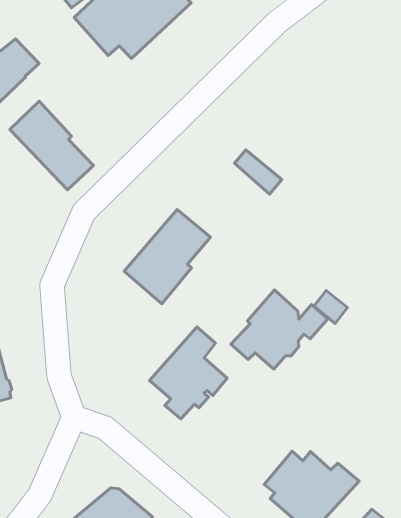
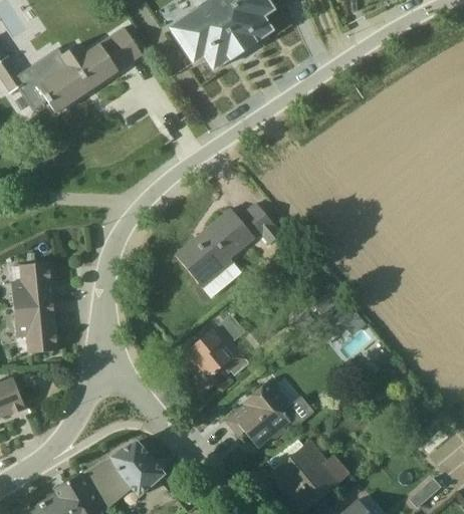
building: [10,101,94,190] -> none
building: [234,150,282,194] -> [243,202,282,244]
building: [231,290,328,369] -> [224,378,312,448]

